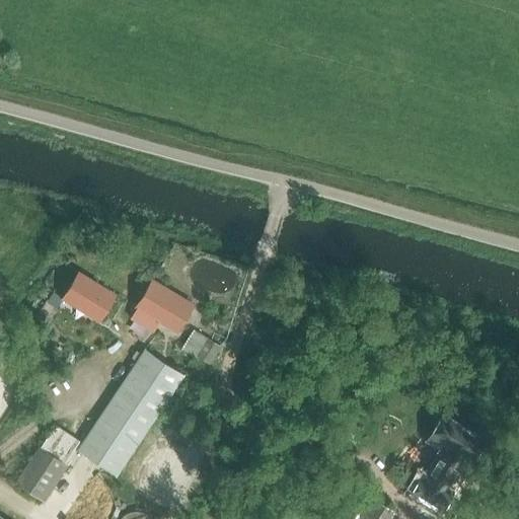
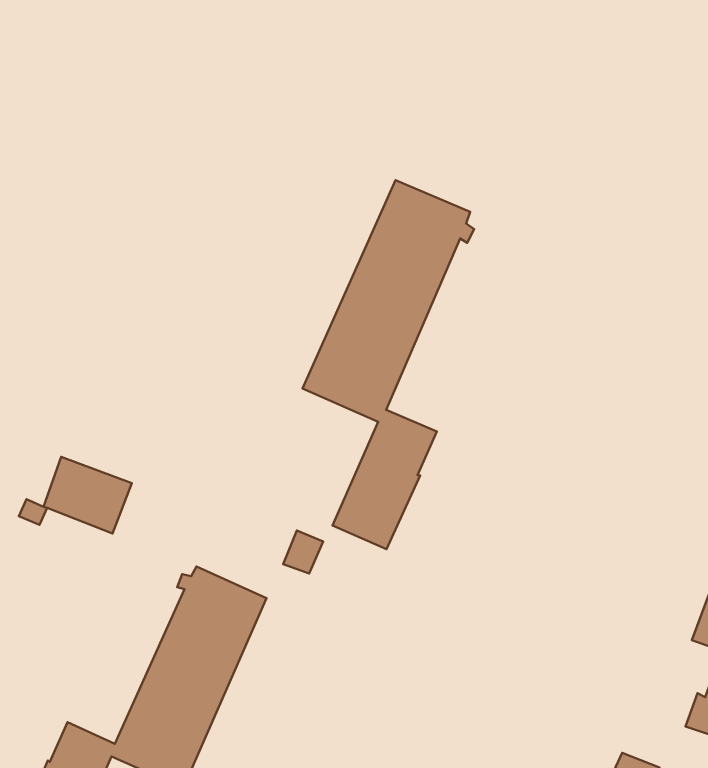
building: none -> [303,180,474,549]
building: [132,281,193,333] -> none

